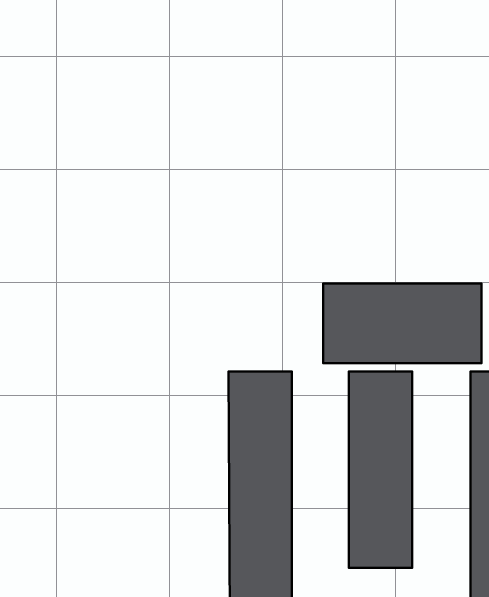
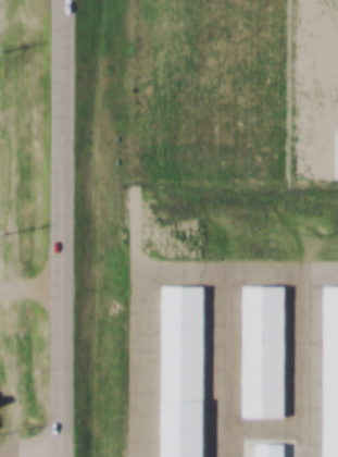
building: [323,284,482,363] -> none

